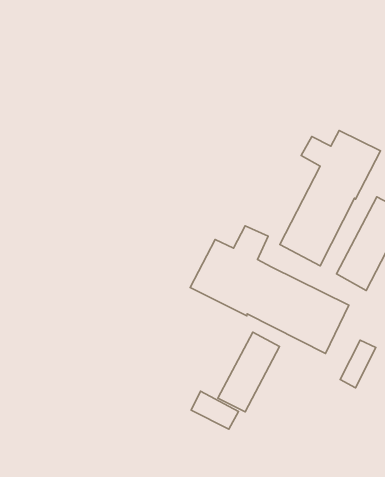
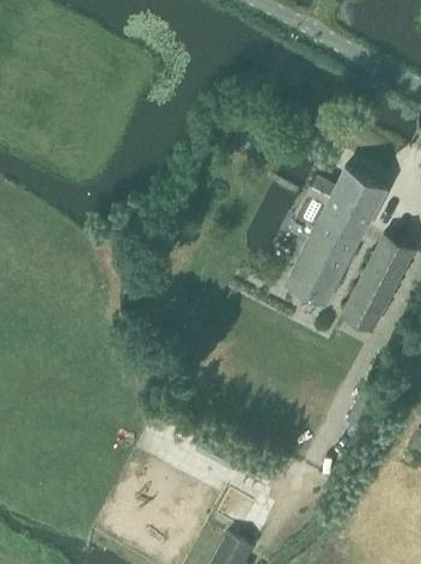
building: [190,226,349,354] -> none
building: [218,332,280,412] -> none

